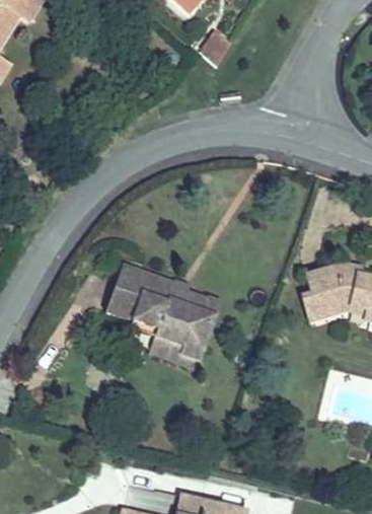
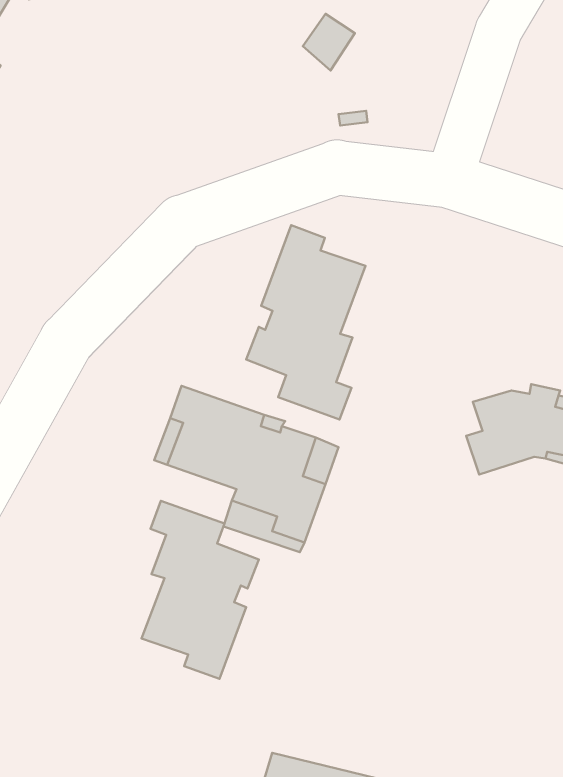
building: none -> [246,225,366,420]
building: none -> [142,501,259,679]

